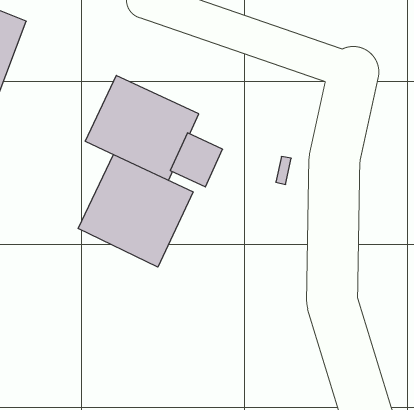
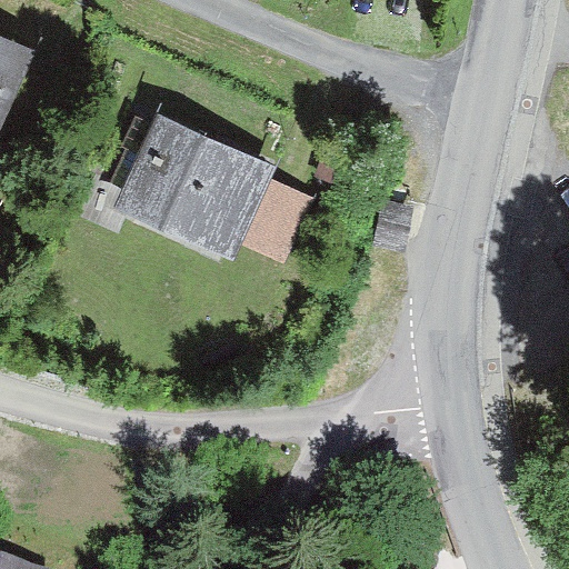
building: [78,155,193,267] -> none

